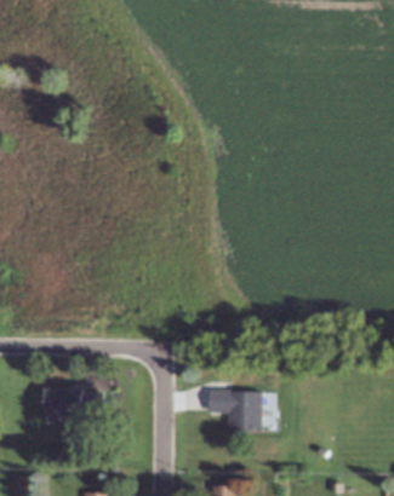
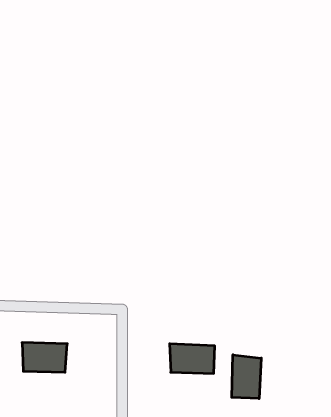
building: none -> [232,355,261,399]

